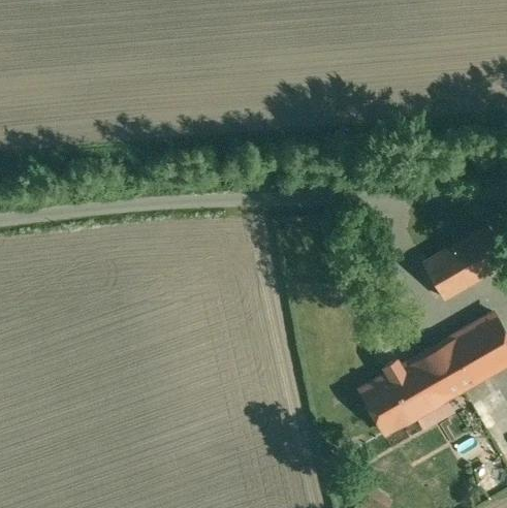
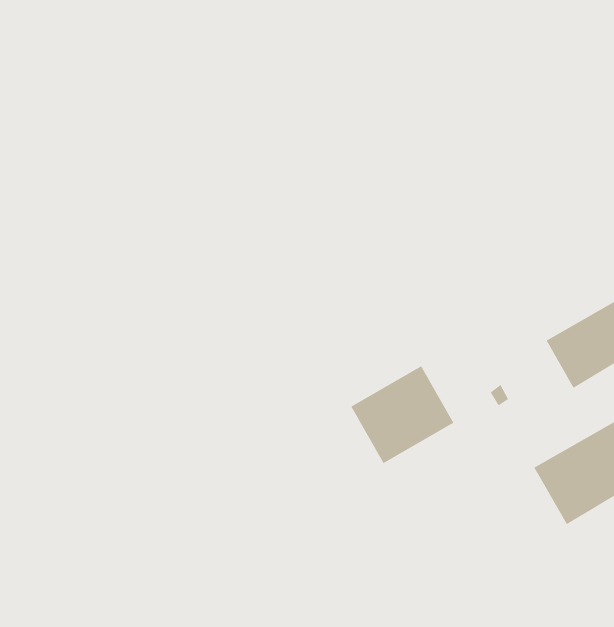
building: [359,361,438,436] -> [350,366,454,464]

